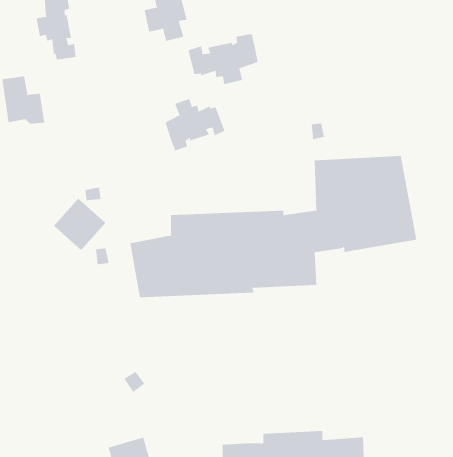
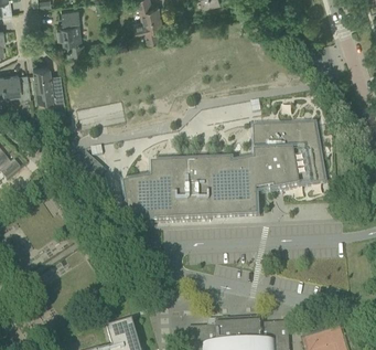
building: [188,33,258,85] -> none
building: [165,98,225,151] -> none

